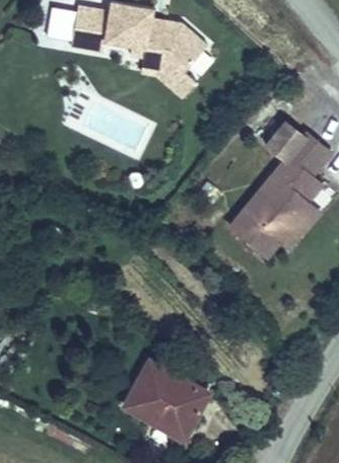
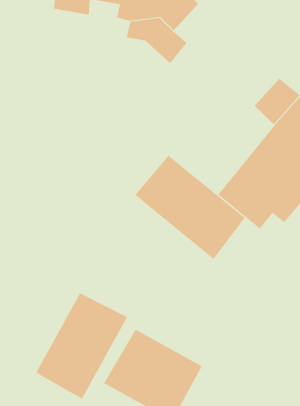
building: none -> [134,155,245,260]
building: none -> [36,292,128,400]

